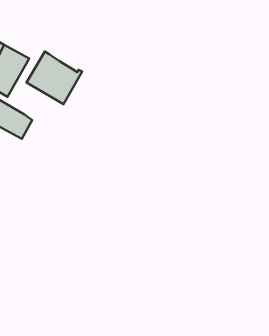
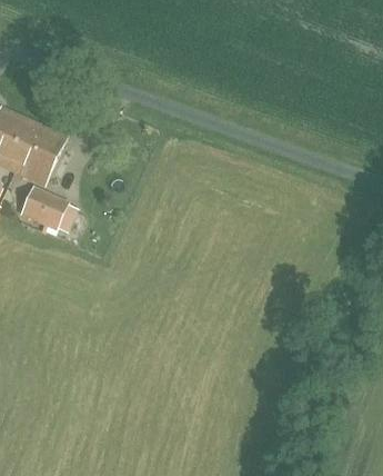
building: [27,52,82,104] -> none

